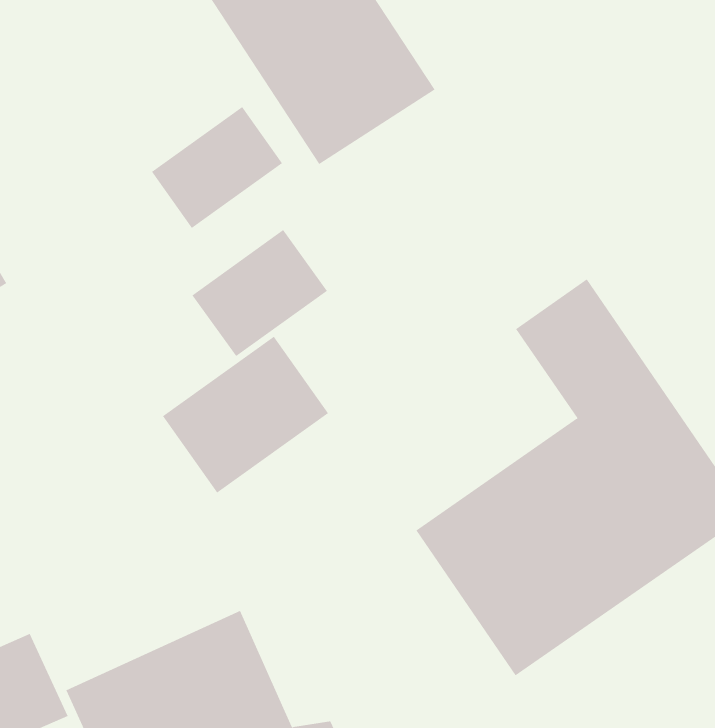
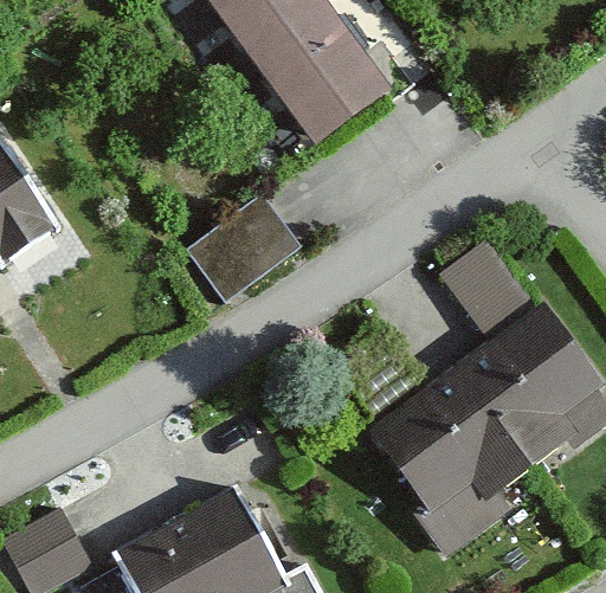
building: [151,106,283,229] -> none
building: [162,336,329,494] -> none

